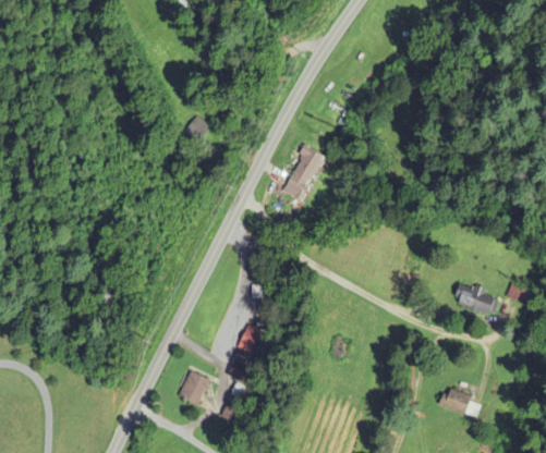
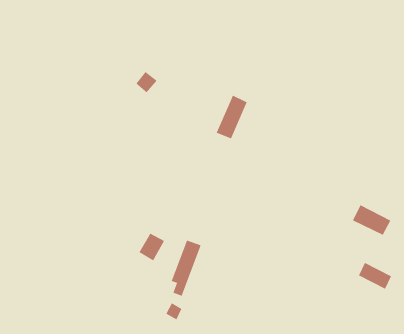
building: [178,370,210,405] -> [139,233,165,261]
building: [439,384,481,418] -> [358,262,392,289]

